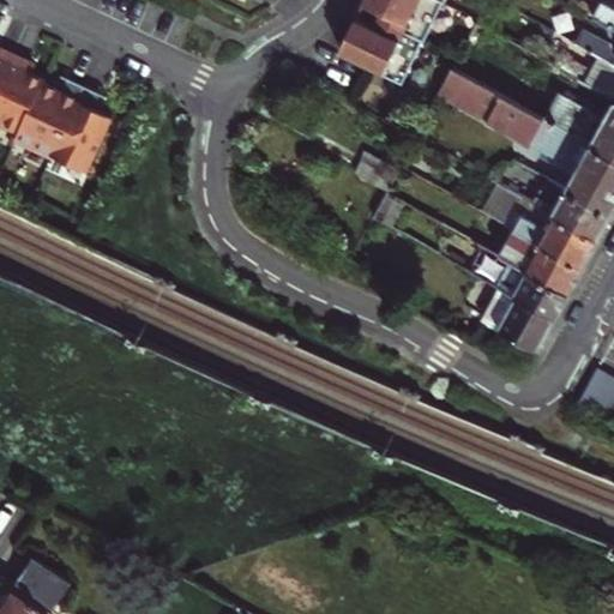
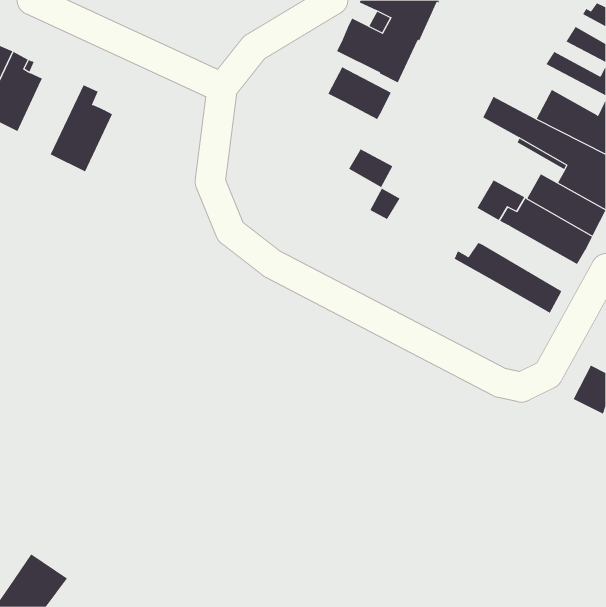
building: [433,71,498,125] -> [327,66,392,120]
building: [16,78,84,156] -> none
building: [488,228,583,294] -> none
building: [482,284,555,348] -> none

